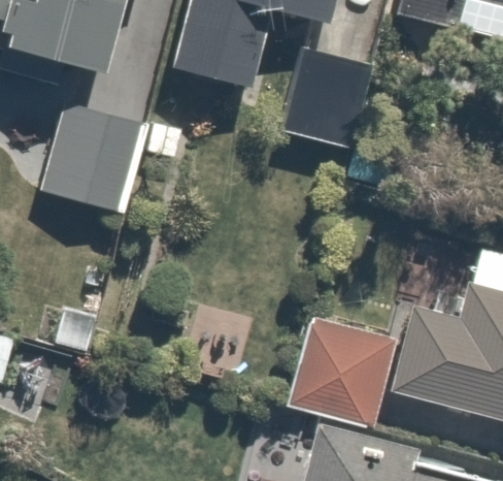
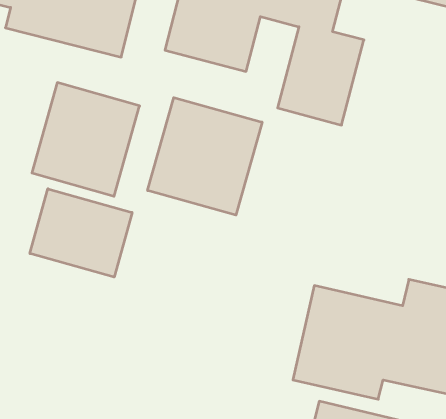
building: none -> [148,98,262,215]
building: none -> [30,189,132,277]

